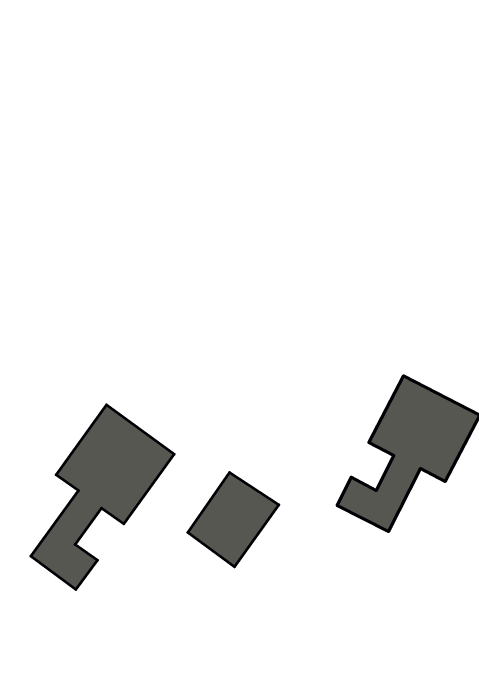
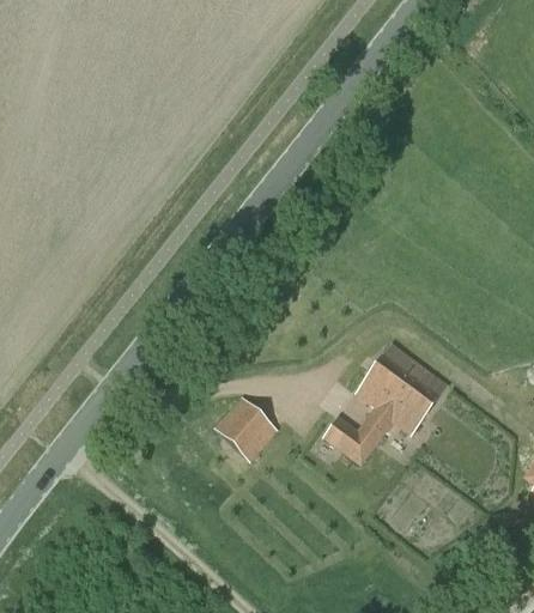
building: [31,405,174,590] -> none

